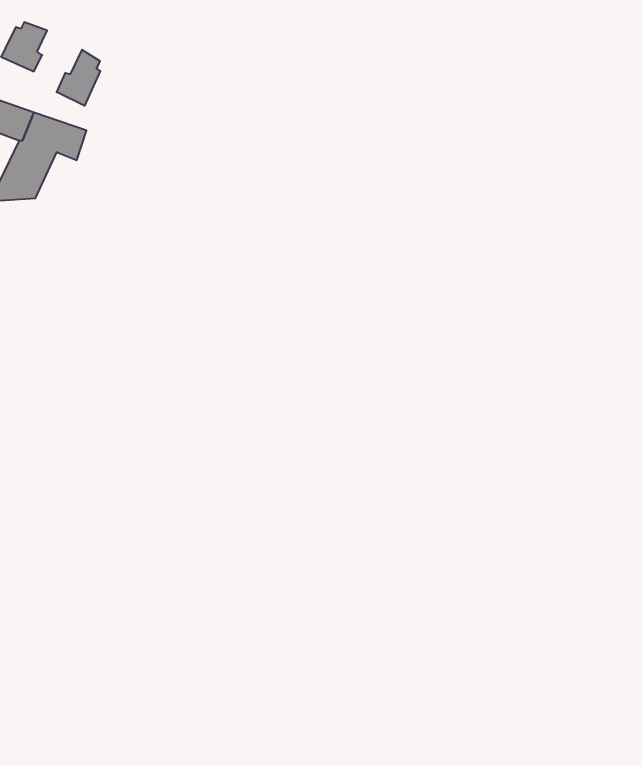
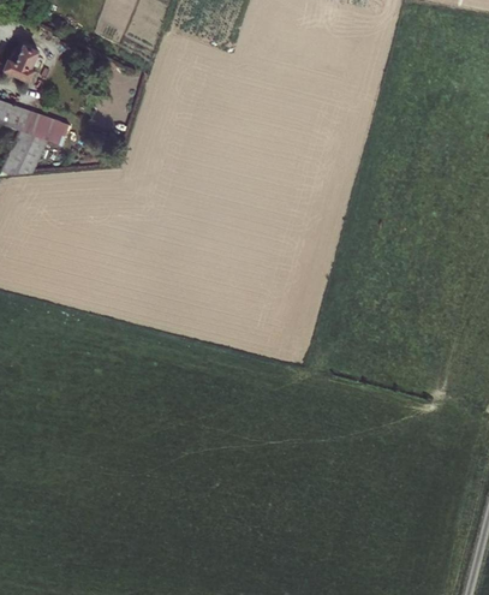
building: [57,50,100,106] -> none

